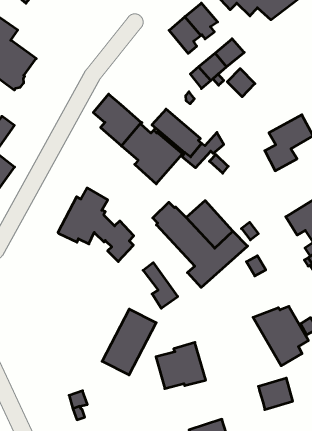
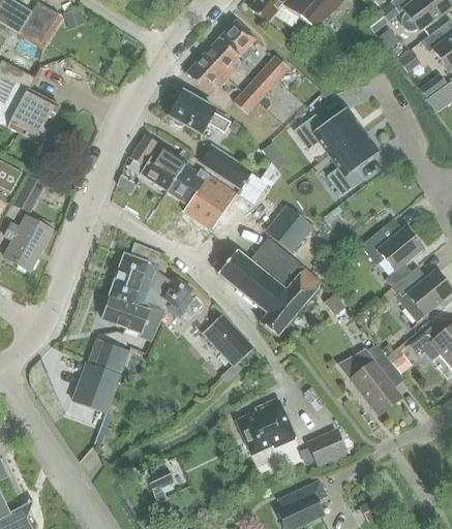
building: none -> [186,55,228,91]
building: none -> [169,91,229,132]
building: none -> [293,106,363,154]
building: none -> [272,211,312,252]
building: none -> [101,297,164,337]
building: [102,309,156,375] -> [73,339,128,412]
building: [258,378,293,410] -> [306,428,346,466]

